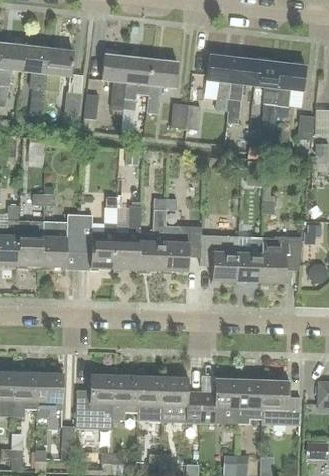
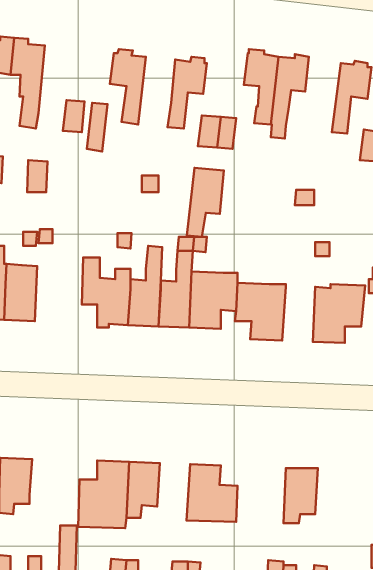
building: [44,47,73,104] -> none
building: [122,58,151,112] -> [187,168,224,237]
building: [254,58,282,129] -> none
building: [41,214,79,267] -> none
building: [236,237,262,282] -> none
building: [37,374,63,418] -> none
building: [137,377,163,422] -> none
building: [200,380,239,424] -> none
building: [262,381,301,427] -> none

